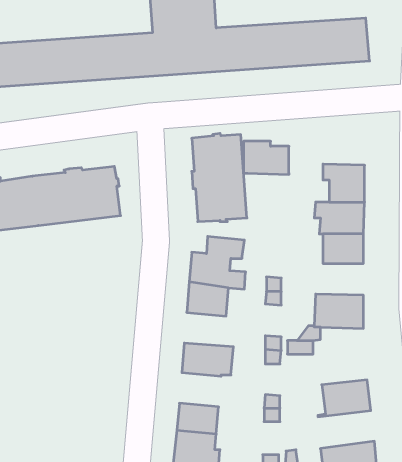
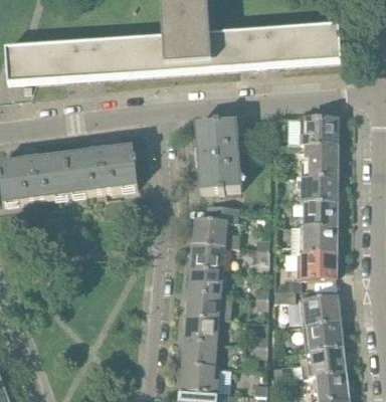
building: [244,141,289,174] -> [301,116,338,143]
building: none -> [292,223,337,249]
building: none -> [190,263,230,291]
building: none -> [300,291,340,323]
building: none -> [186,313,220,341]
building: none -> [300,344,346,375]

